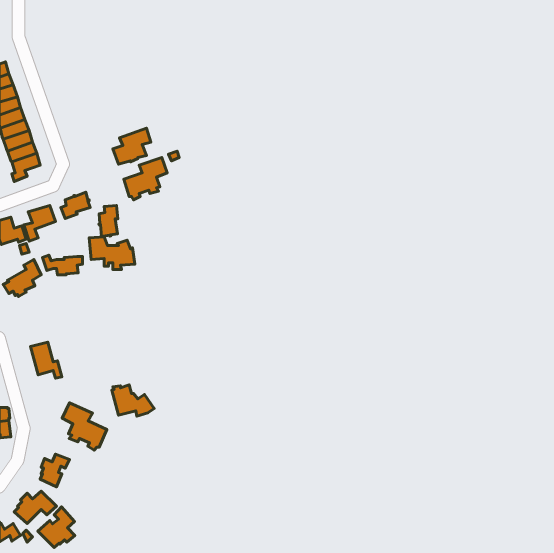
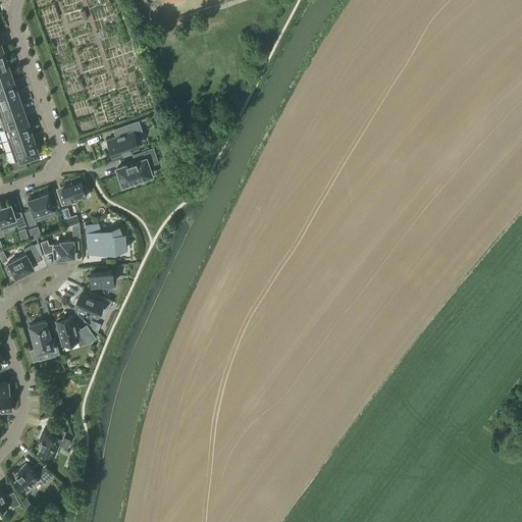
building: [99,206,118,237] -> none
building: none -> [89,267,112,291]
building: none -> [73,291,111,316]
building: [112,385,154,416] -> [55,318,95,348]
building: [62,403,107,450] -> none
building: [38,507,75,547] -> none

